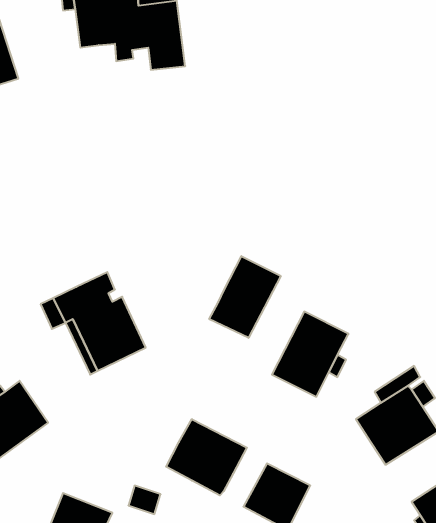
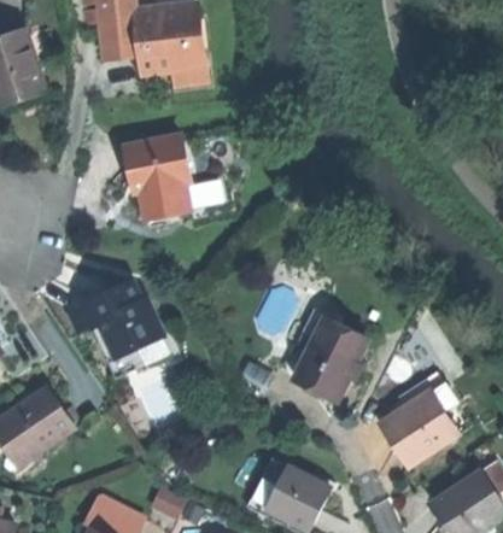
building: none -> [123,135,189,219]
building: [209,256,281,338] -> none
building: [166,419,247,495] -> none

